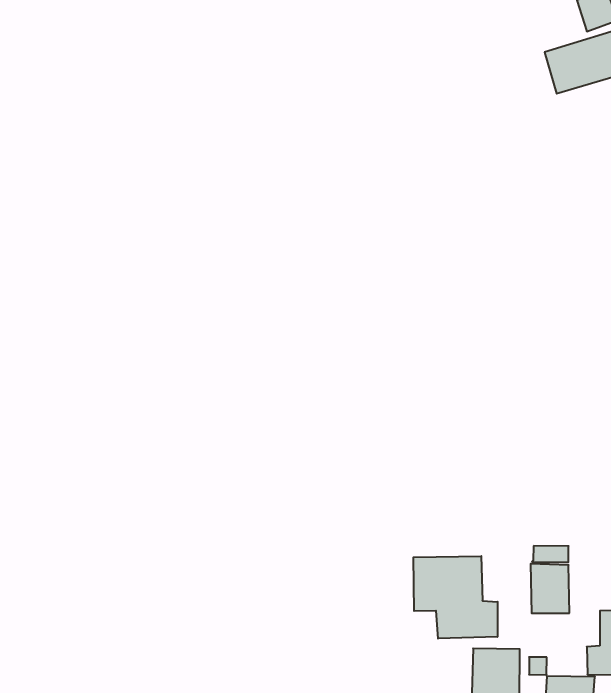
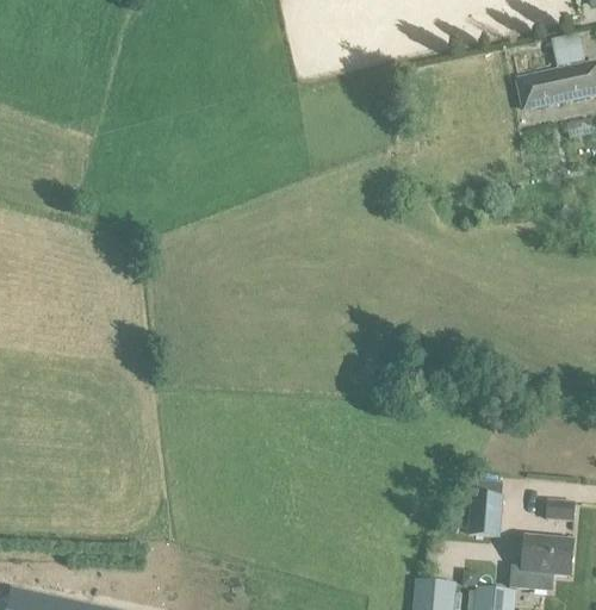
building: [413,556,498,639] -> none

